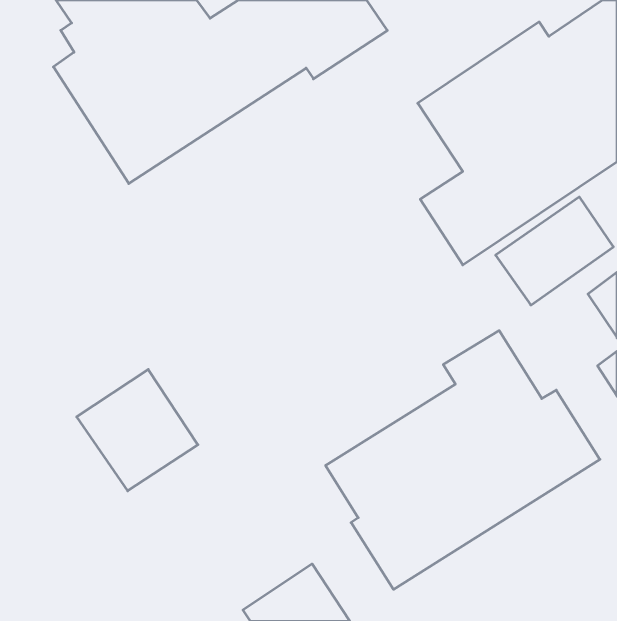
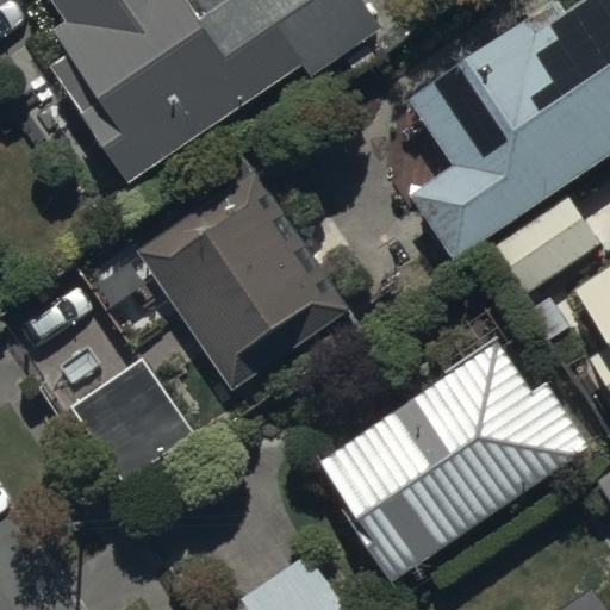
building: none -> [137,161,337,393]

